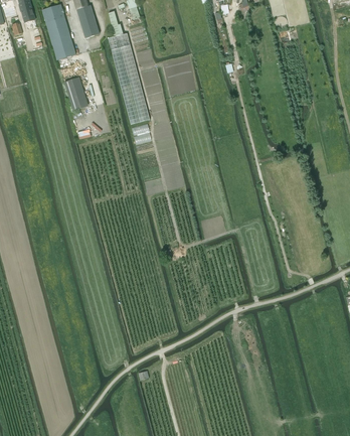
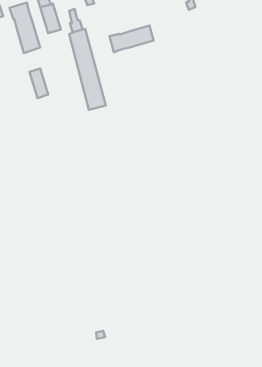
building: none -> [110,25,153,52]

